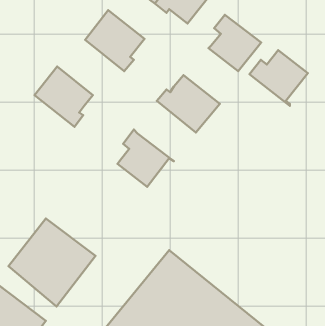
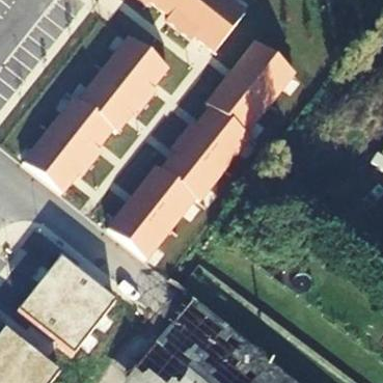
building: none -> [74,66,146,130]
building: [250,50,308,106] -> [207,76,270,136]
building: none -> [23,127,92,190]
building: none -> [161,133,224,198]
building: none -> [108,201,171,257]

